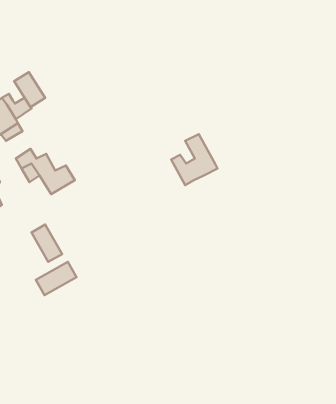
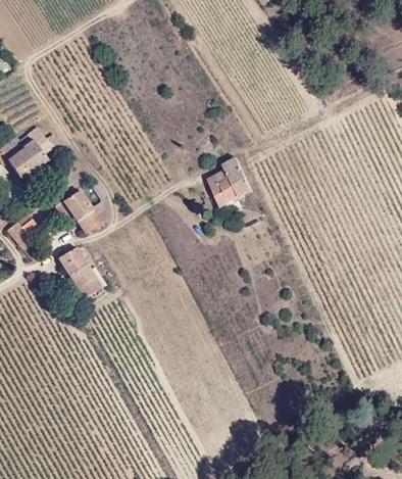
building: [14,72,45,107] -> none
building: [36,262,77,295] -> none

